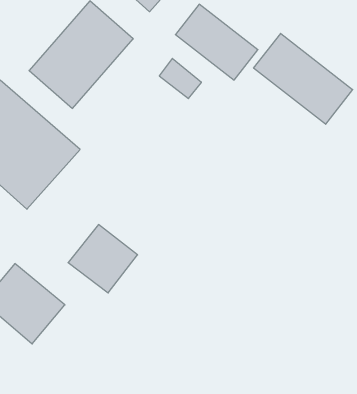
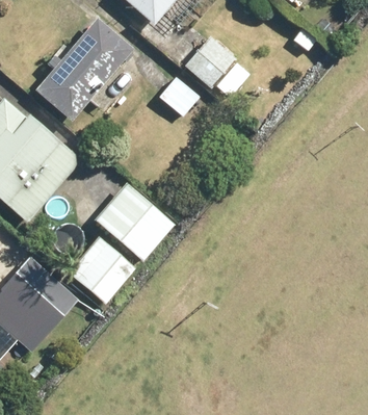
building: [254,33,353,124] -> none
building: none -> [91,180,173,259]

